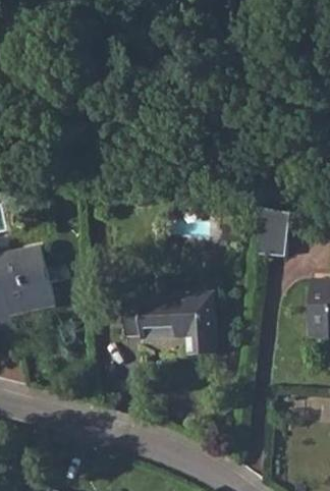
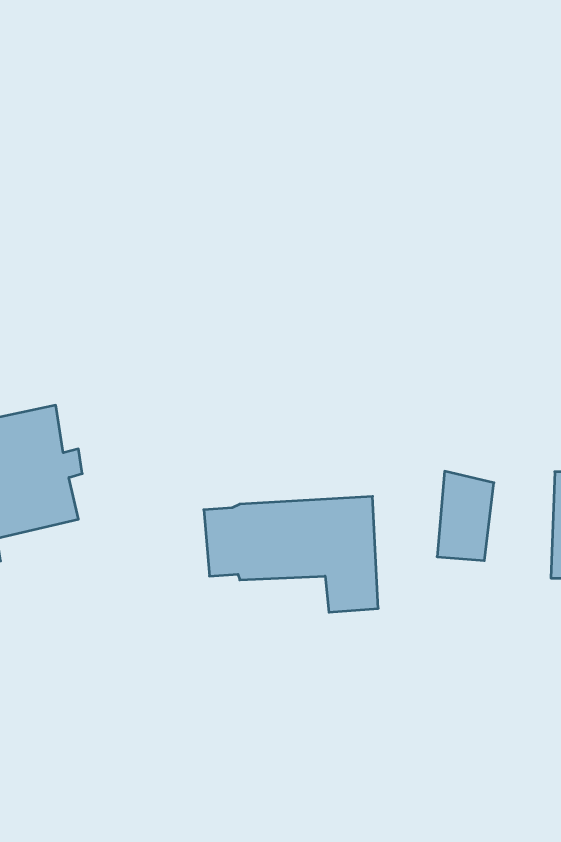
building: [258,207,288,255] -> [437,471,494,561]

